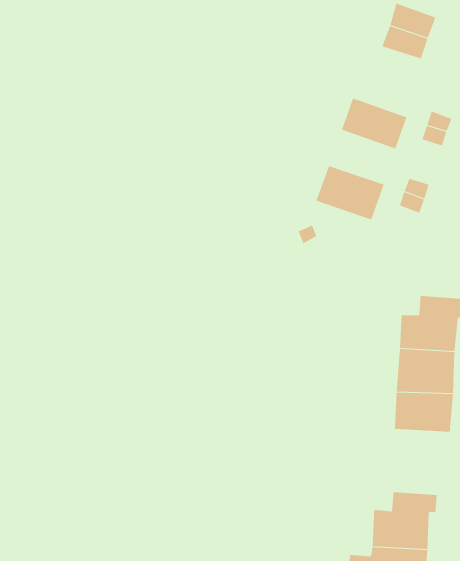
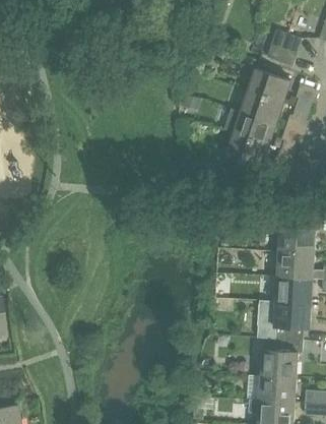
building: none -> [249,68,290,102]
building: none -> [234,110,276,144]
building: none -> [256,298,311,341]

